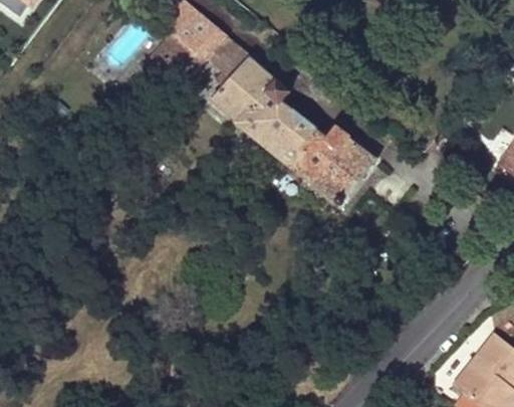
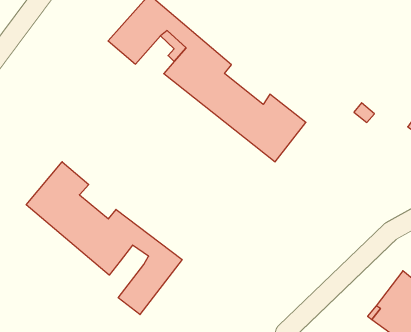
building: none -> [26,162,182,315]

